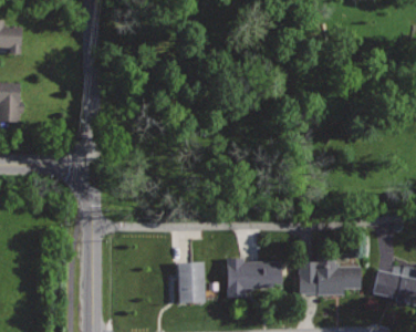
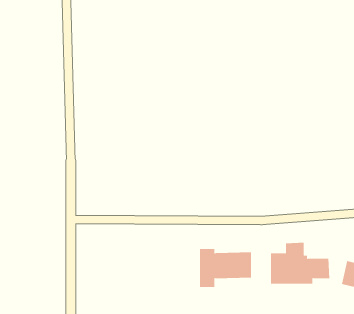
building: [178,262,206,302] -> none

